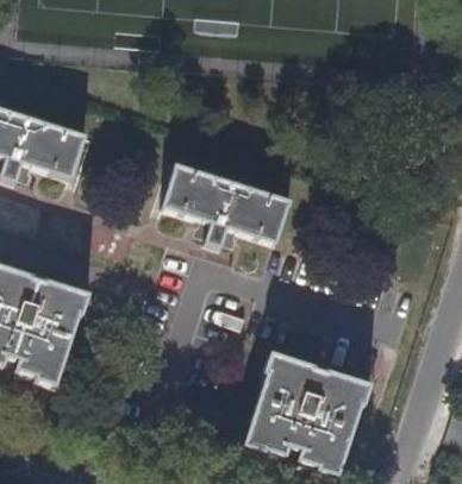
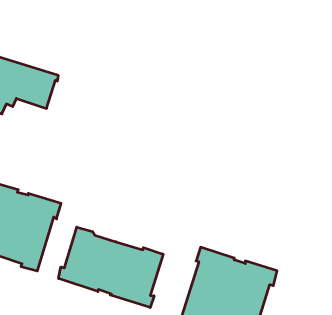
building: [163,166,288,249] -> none
building: none -> [59,227,163,308]

